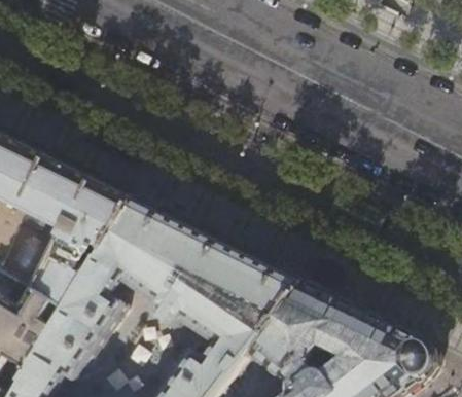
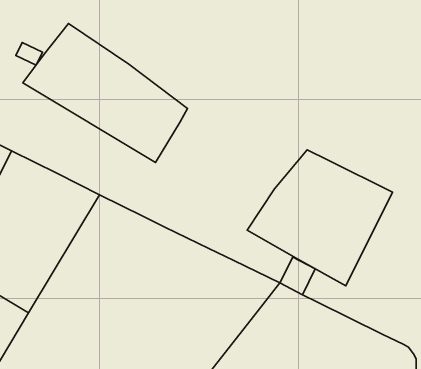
building: none -> [23,24,188,162]
building: none -> [247,150,393,286]

